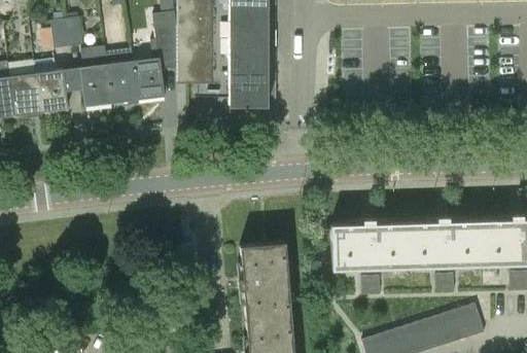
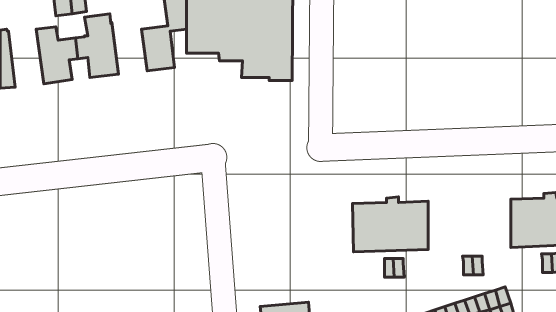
building: [106,52,139,104] -> none
building: [9,61,42,116] -> none
building: [402,217,480,269] -> none
building: [238,243,290,322] -> none

